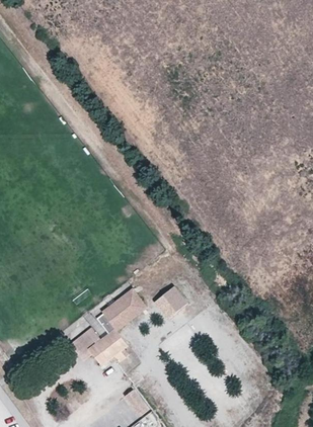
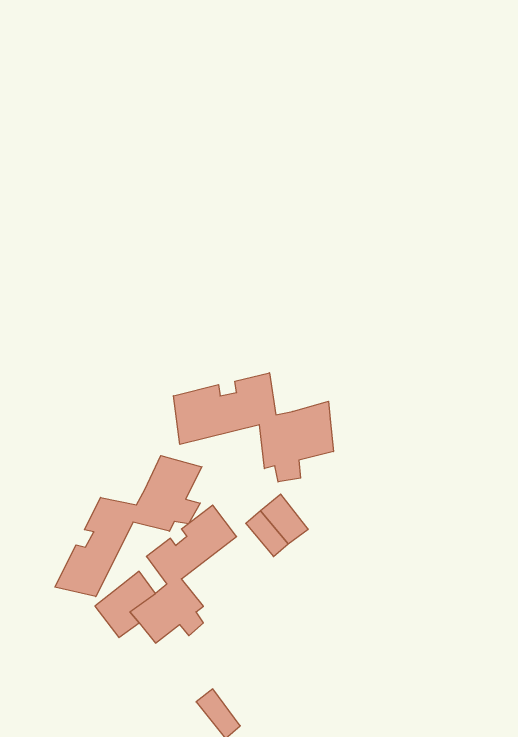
building: none -> [173,373,333,482]
building: none -> [55,456,202,597]

